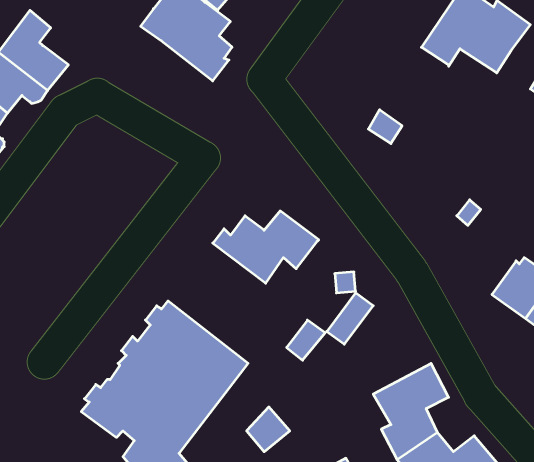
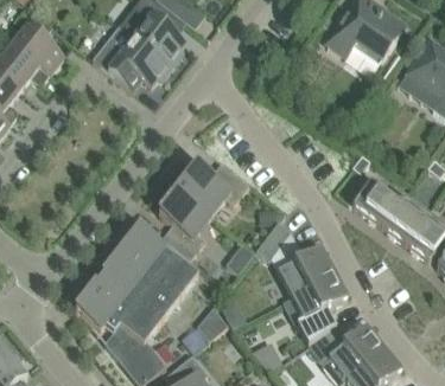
building: none -> [91,25,171,89]
building: none -> [351,180,395,223]
building: none -> [158,185,210,259]
building: none -> [276,249,332,296]

